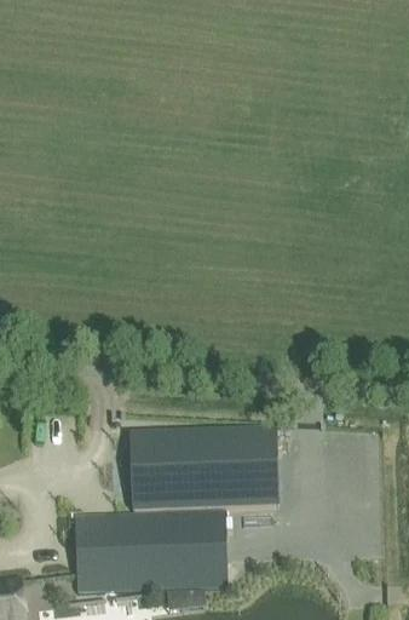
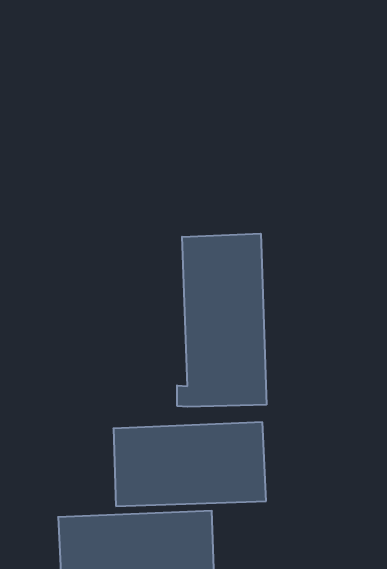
building: none -> [177,234,266,407]

